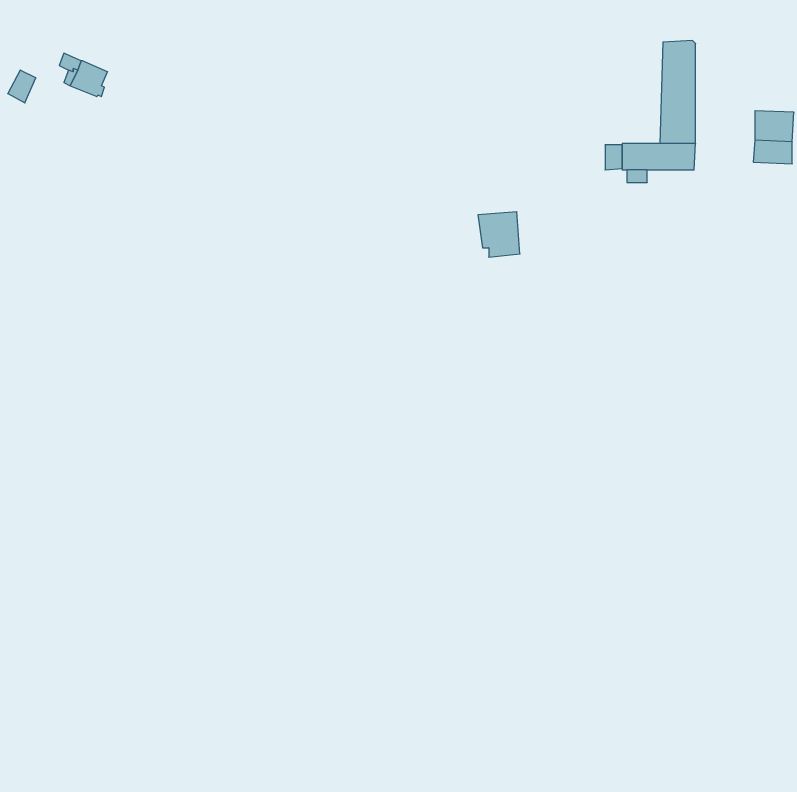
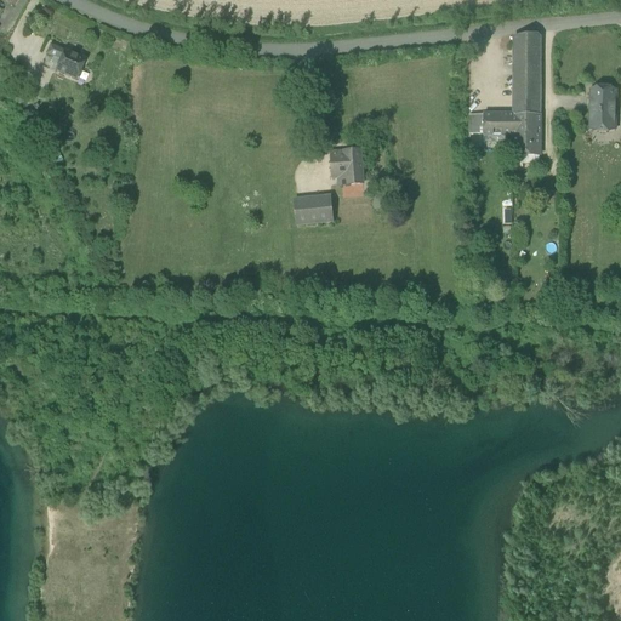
building: none -> [513,132,540,153]
building: [478,212,520,257] -> [330,148,363,183]
building: none -> [295,194,334,222]

